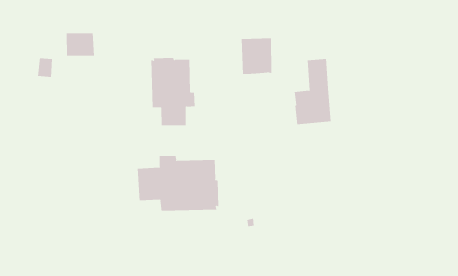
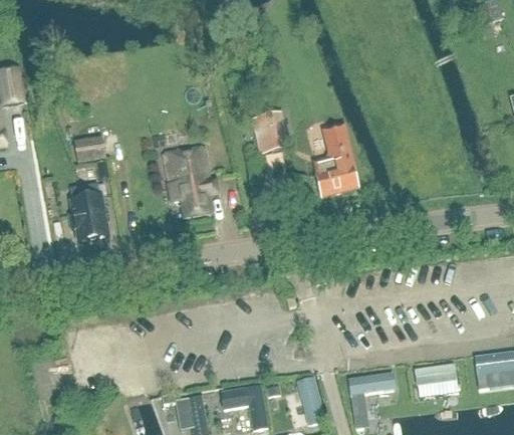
building: none -> [72,182,109,240]
building: [137,155,219,212] -> none

